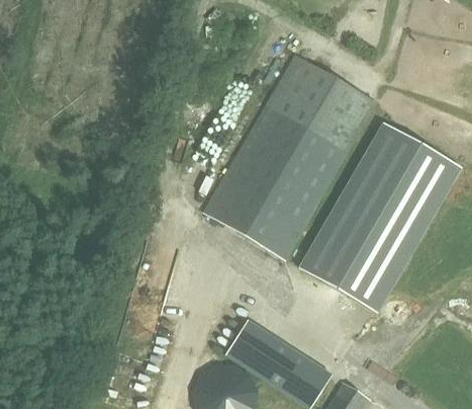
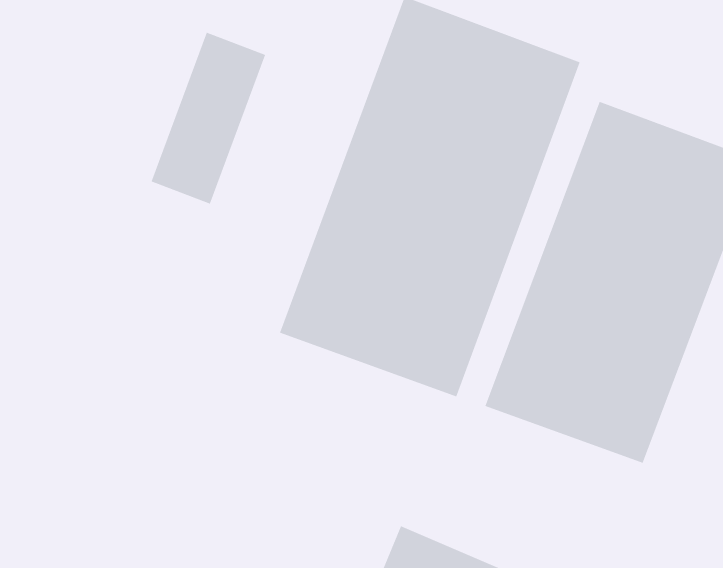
building: none -> [151,32,266,205]

